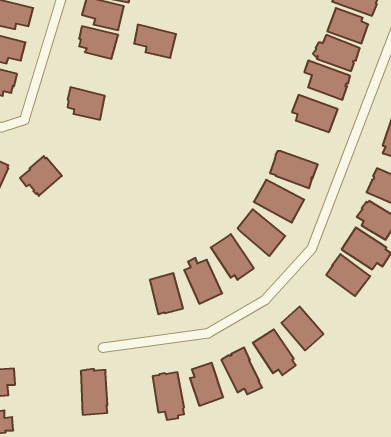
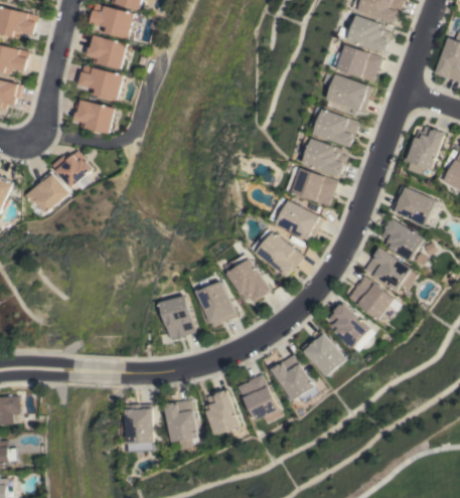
building: [134,25,176,58] -> [79,65,123,101]
building: none -> [300,137,348,177]
building: none -> [50,151,93,188]
building: none -> [327,303,373,352]
building: [81,369,107,415] -> [125,404,153,453]

